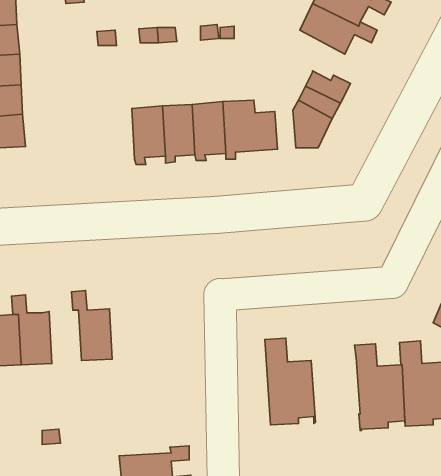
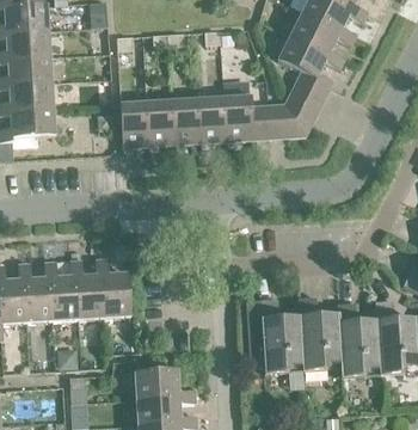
building: none -> [278,35,345,78]
building: none -> [121,102,149,150]
building: none -> [70,259,104,319]
building: none -> [299,295,342,369]
building: none -> [135,369,180,398]

